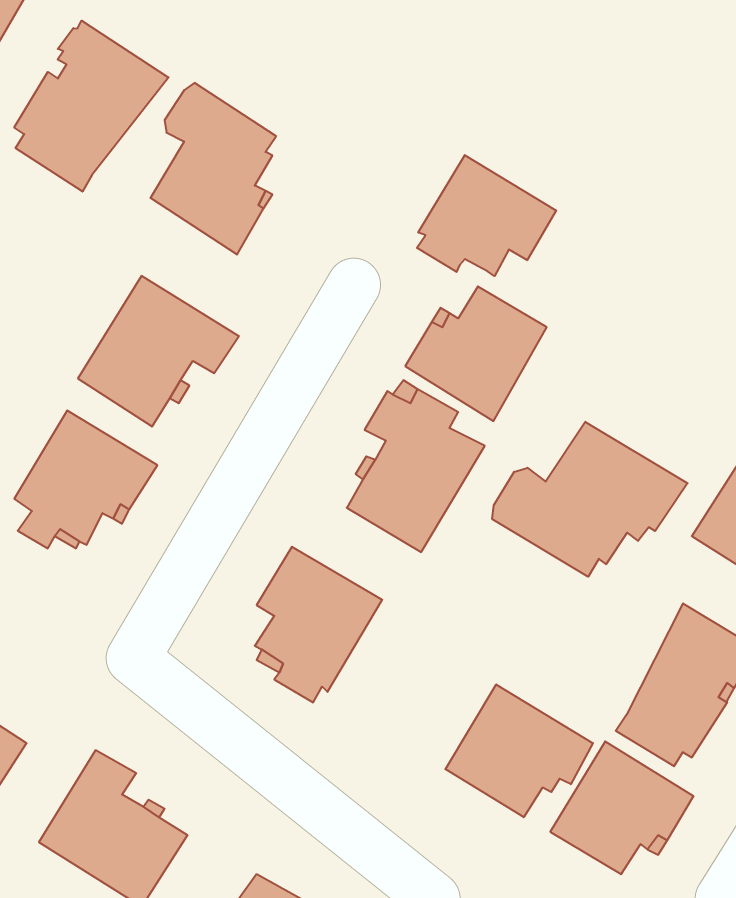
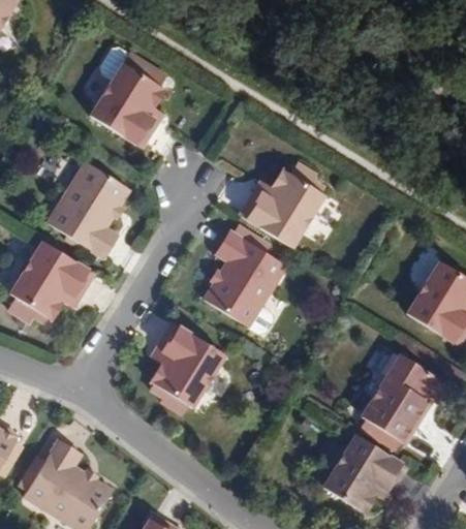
building: [14,21,169,192] -> none
building: [417,155,556,276] -> none
building: [492,422,688,577] -> none
building: [445,684,593,817] -> none

